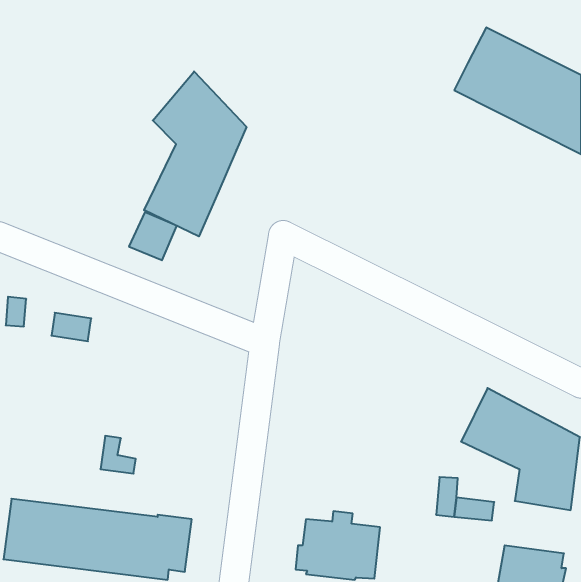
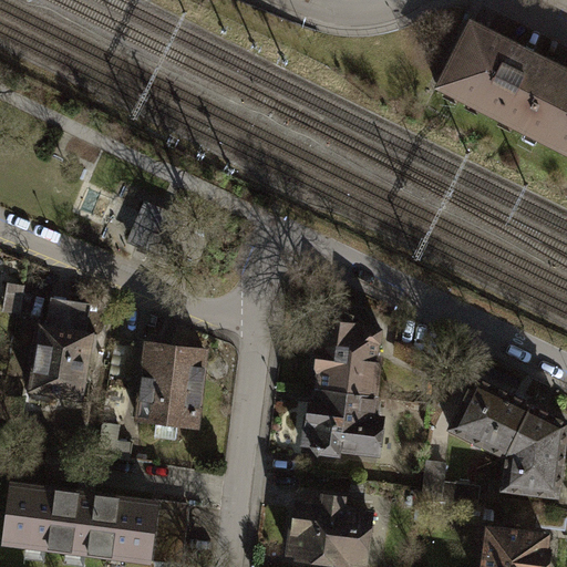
building: [144,71,246,236] -> none
building: none -> [301,310,381,456]
building: none -> [31,332,97,412]
building: none -> [137,346,203,426]

